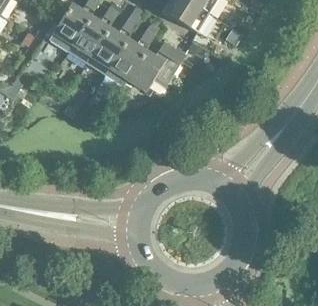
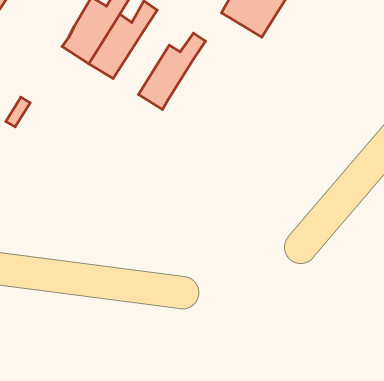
building: [87,17,138,75] -> none
building: [128,40,187,91] -> none

